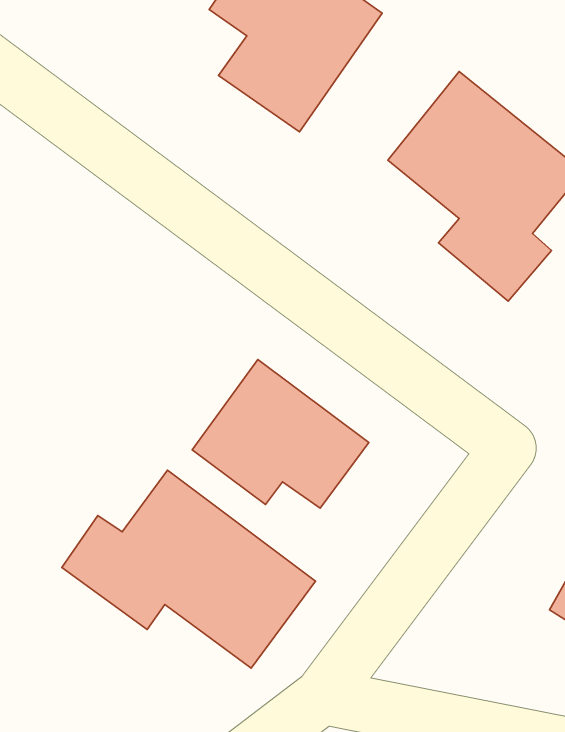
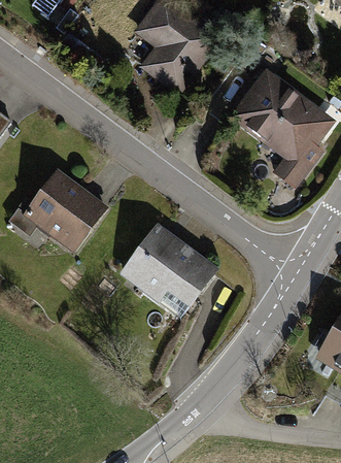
building: none -> [25,169,109,252]
building: [62,470,316,668] -> none

